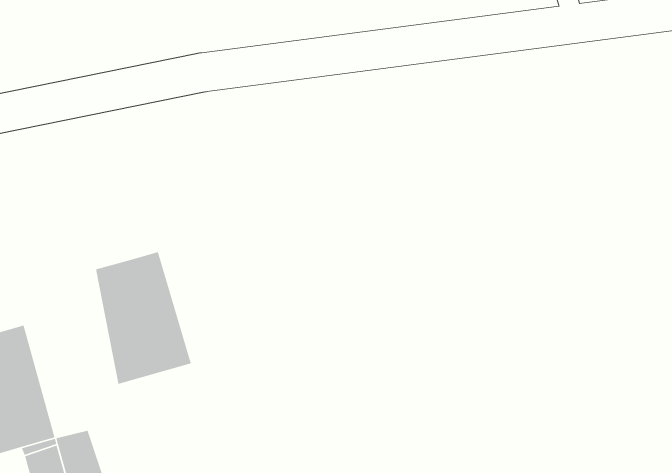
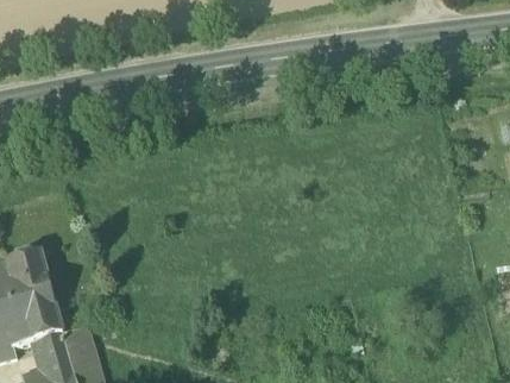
building: [95,251,192,385] -> none

